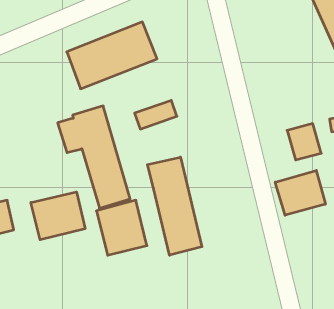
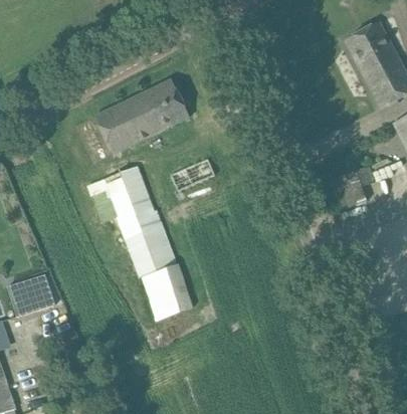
building: [147,157,202,255] -> none
building: [275,170,325,215] -> none
building: [31,192,85,240] -> none

